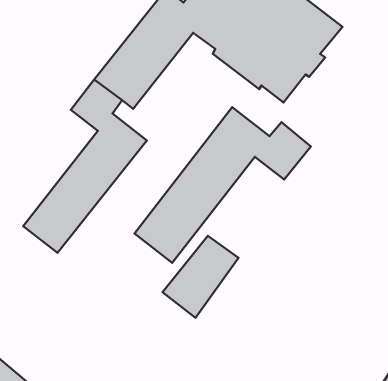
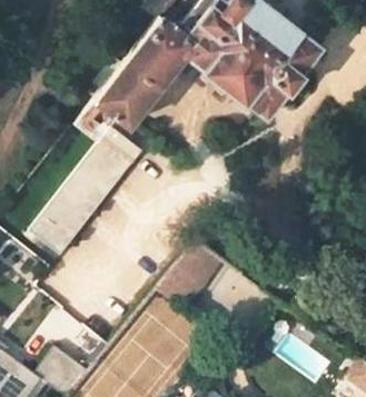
building: [135,107,311,263] -> none

